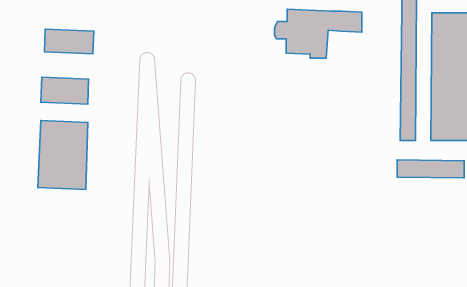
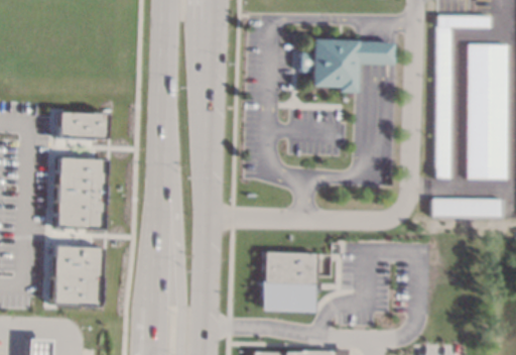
building: [44,29,94,54] -> none
building: none -> [50,245,102,307]
building: none -> [262,252,317,312]

